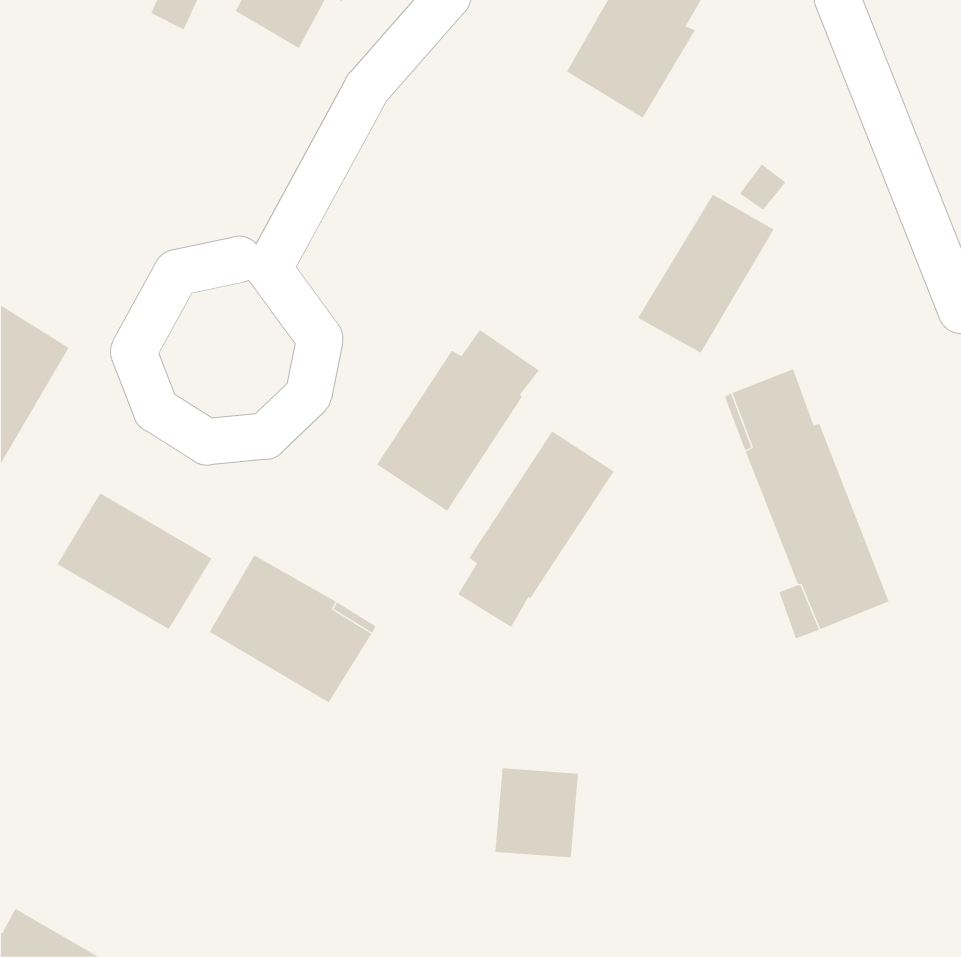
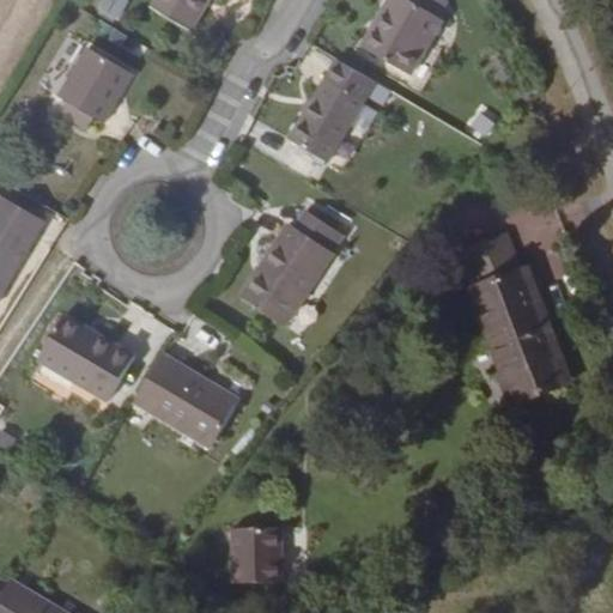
building: none -> [56,47,133,131]
building: [637,194,775,354] -> [287,60,375,162]
building: [457,430,614,628] -> none
building: [494,768,579,858] -> [237,518,291,576]

